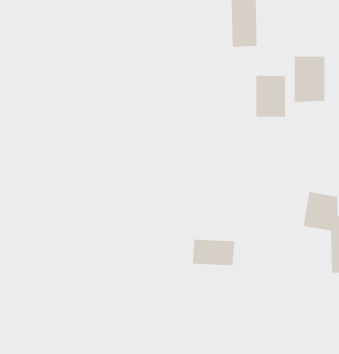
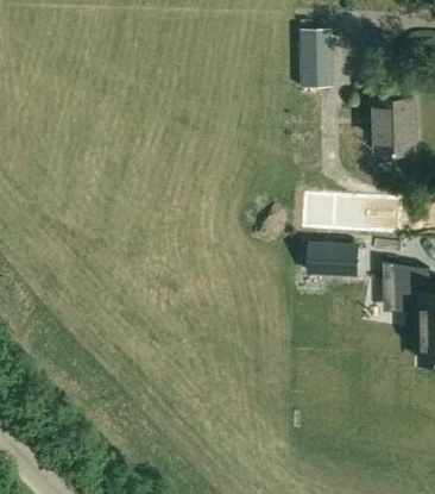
building: [256,75,285,117] -> none
building: [192,239,235,266] -> [300,239,352,271]

